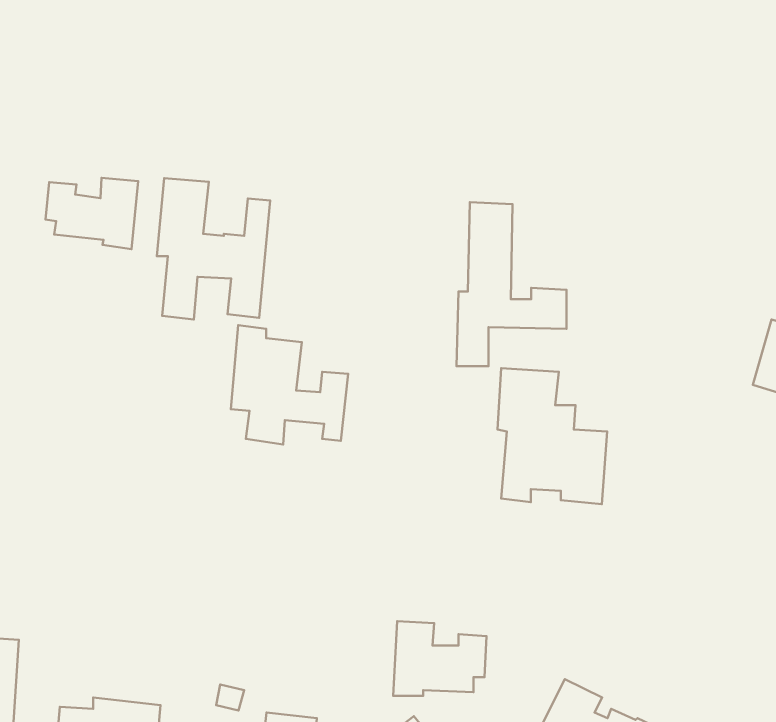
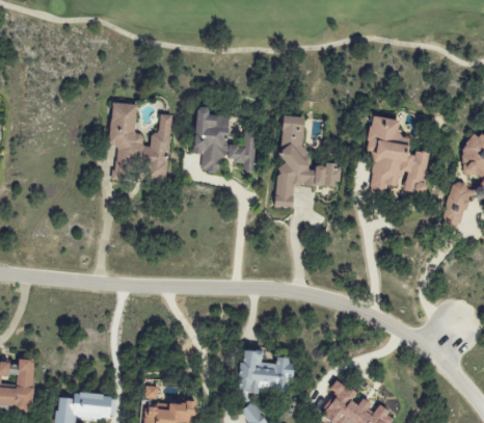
building: [45,178,138,249] -> none
building: [231,325,348,444] -> [192,106,258,173]
building: [497,368,607,504] -> [367,116,428,192]

